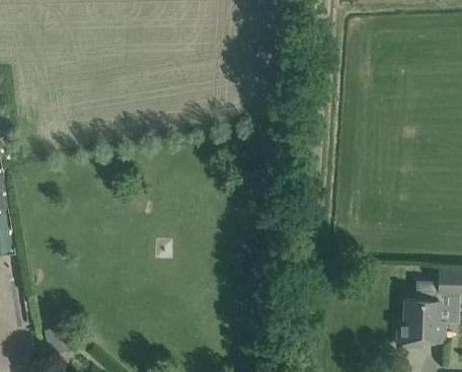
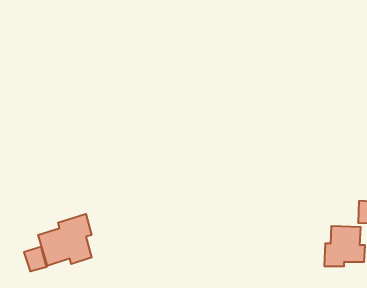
building: none -> [38,214,92,266]

